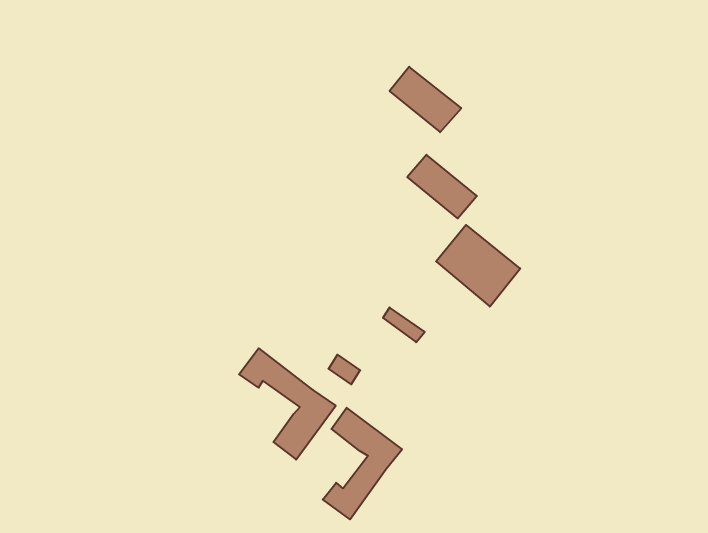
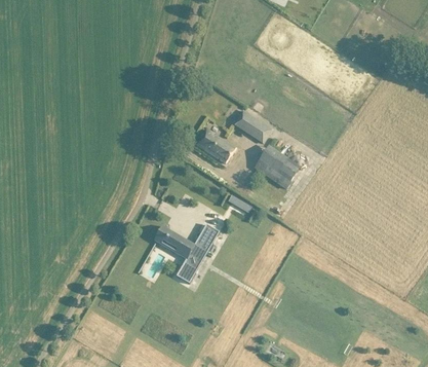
building: [390,67,461,132] -> [196,130,236,163]
building: [323,408,402,519] -> none

